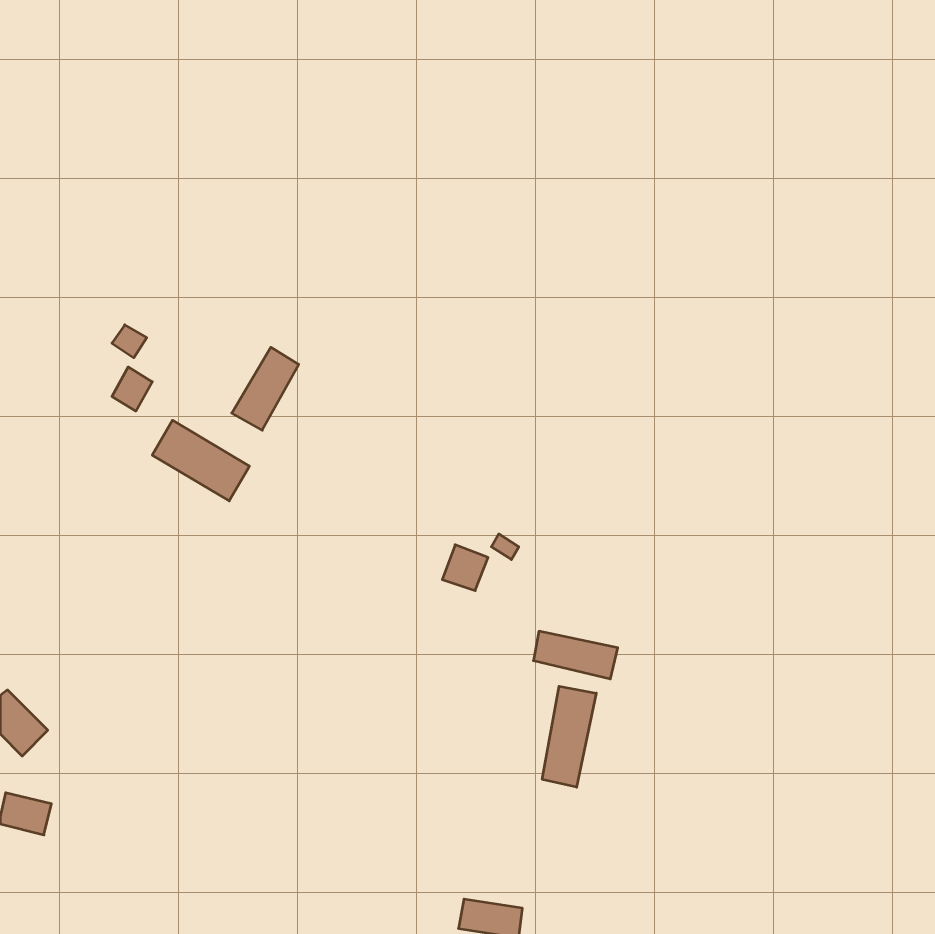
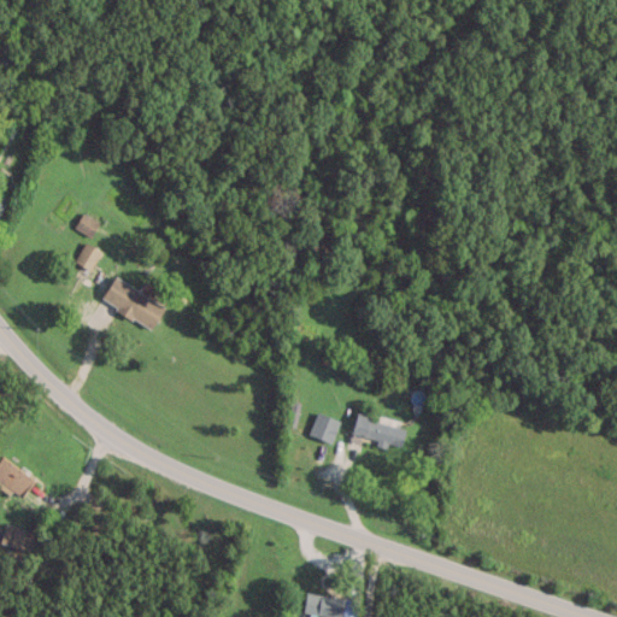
building: [232,347,299,430] -> none
building: [442,545,488,591] -> [308,413,339,443]
building: [542,686,596,787] -> none

